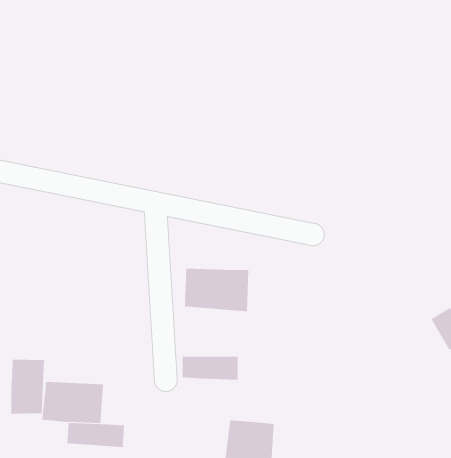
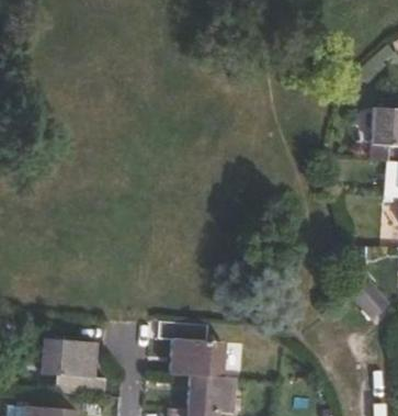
building: [184,268,249,312] -> [167,338,220,374]
building: [11,359,45,415] -> none

